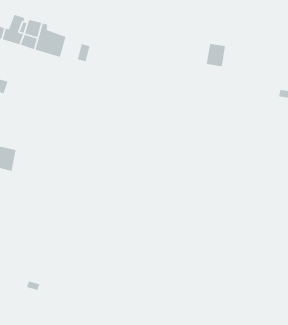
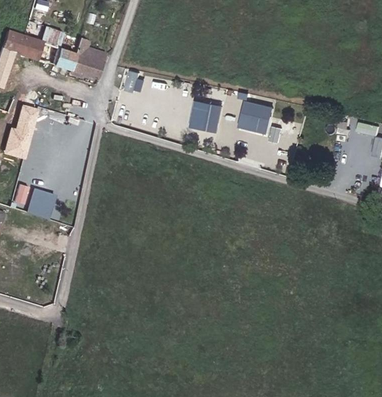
building: [206,43,226,67] -> [239,100,262,128]
building: none -> [190,97,213,127]

